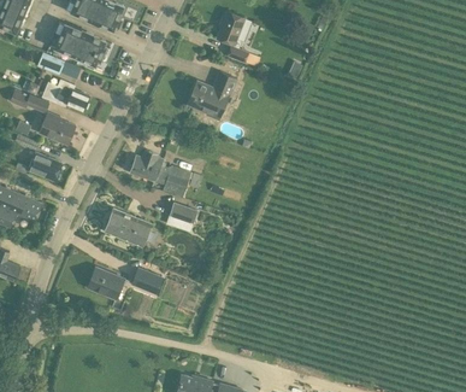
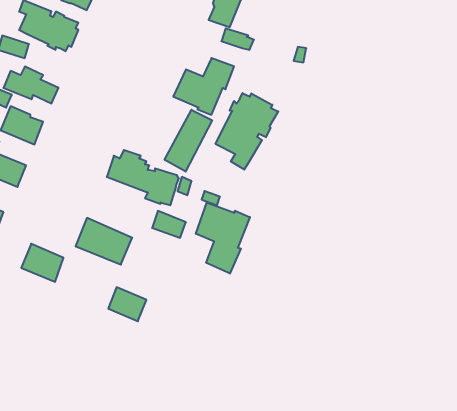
building: none -> [216,93,278,170]
building: none -> [165,110,212,172]
building: none -> [196,202,250,274]
building: [88,267,124,299] -> [21,244,64,282]

